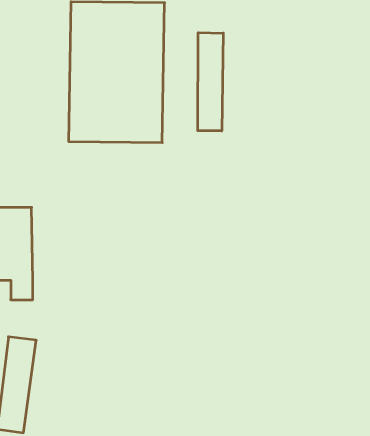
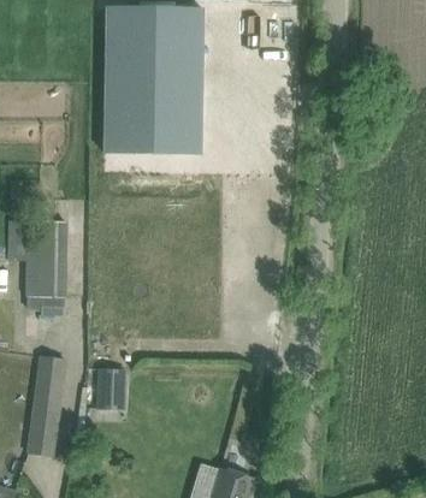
building: [198,33,223,131] -> none
building: none -> [100,368,129,411]

